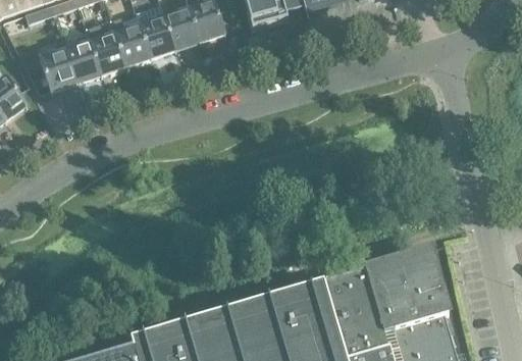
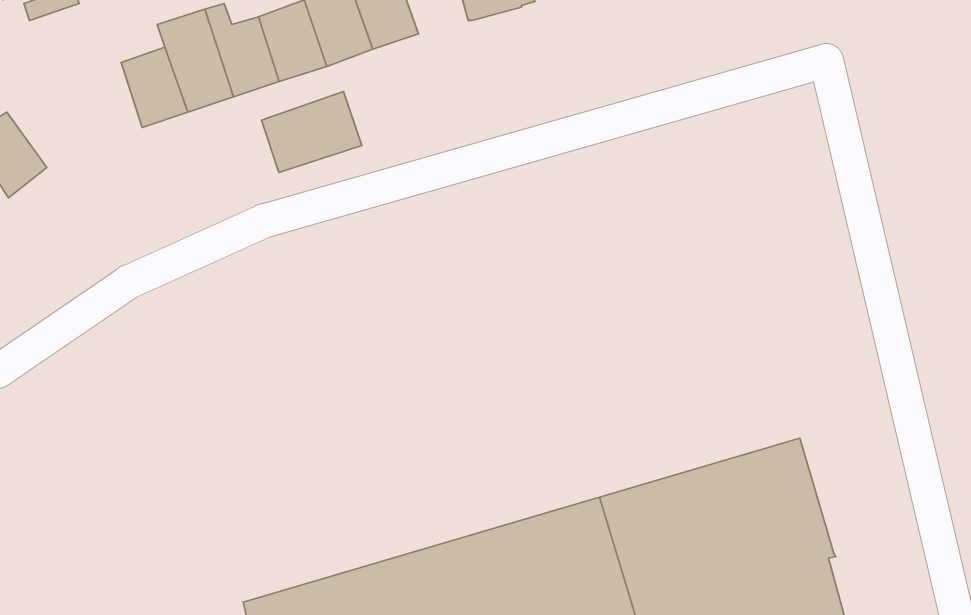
building: [39,50,76,94] -> none
building: none -> [262,91,362,172]

